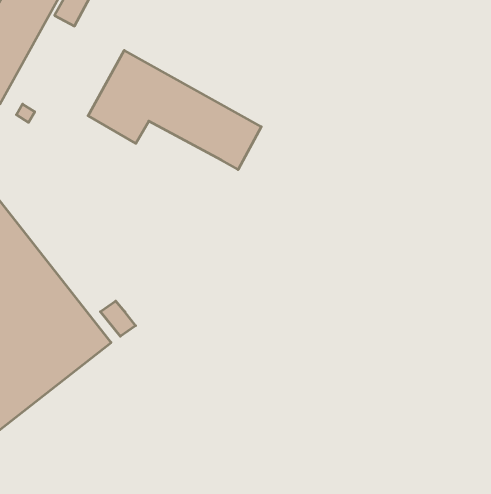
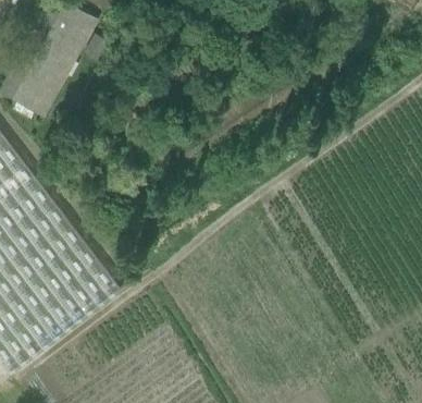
building: [88,50,261,170] -> none

